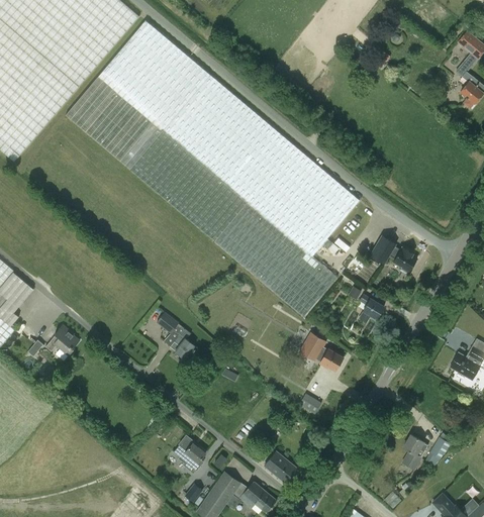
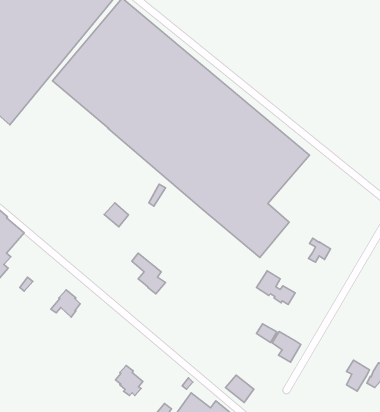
building: [369,236,416,273] -> none
building: none -> [104,203,129,227]
building: [45,324,79,355] -> [51,290,80,317]
building: none -> [272,331,301,362]
building: [174,435,205,470] -> [115,366,143,396]

